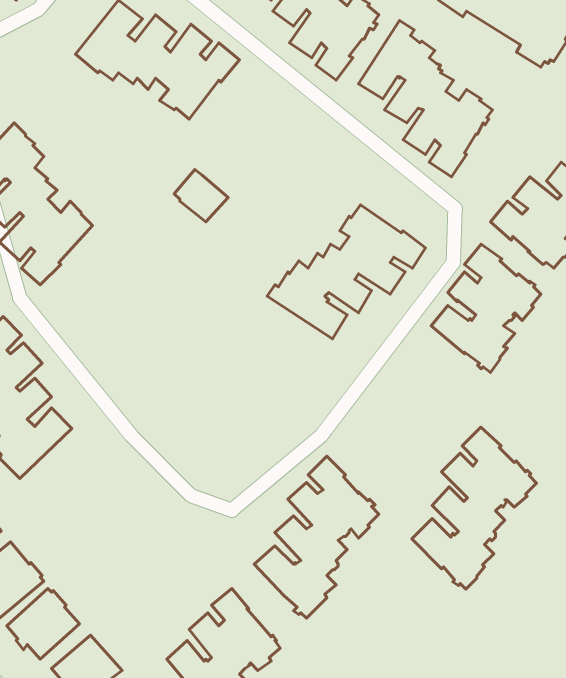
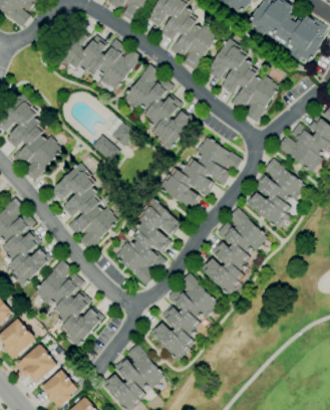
building: none -> [123,63,195,151]
building: none -> [92,135,120,162]
building: none -> [51,162,117,250]
building: none -> [115,196,180,285]
building: [412,427,537,589] -> [200,207,267,294]
building: none -> [35,259,103,346]

